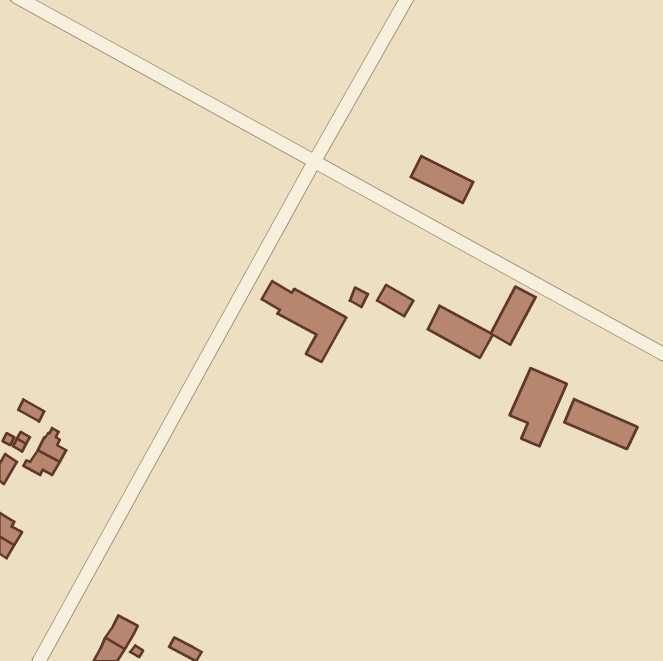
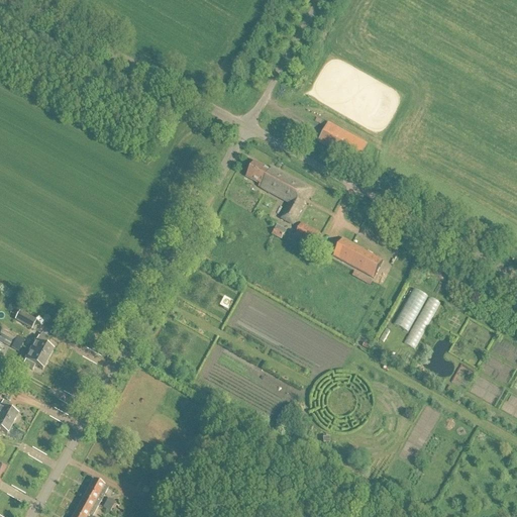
building: [262,281,346,362] -> [245,161,311,223]
building: [491,287,536,345] -> none
building: [564,399,637,449] -> none

